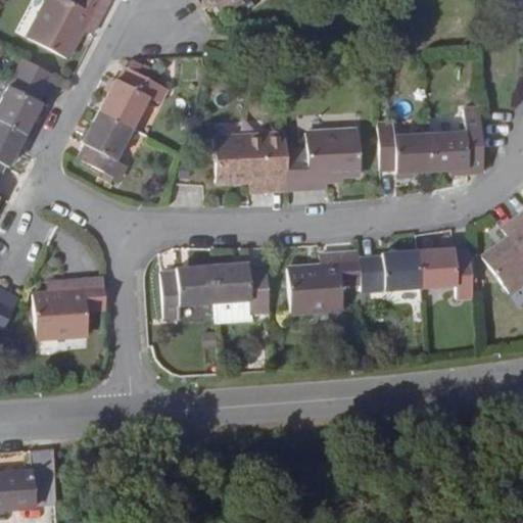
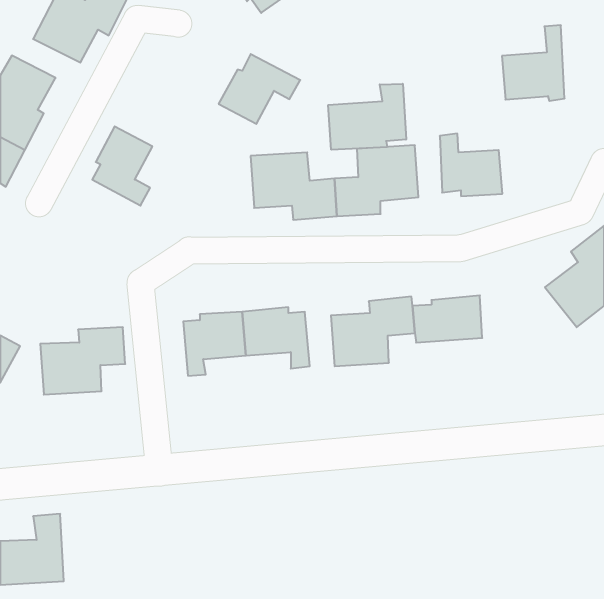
building: [99,66,170,127] -> [219,54,300,124]
building: none -> [328,84,406,150]
building: [431,103,485,169] -> [502,25,565,101]
building: [415,252,471,303] -> none

